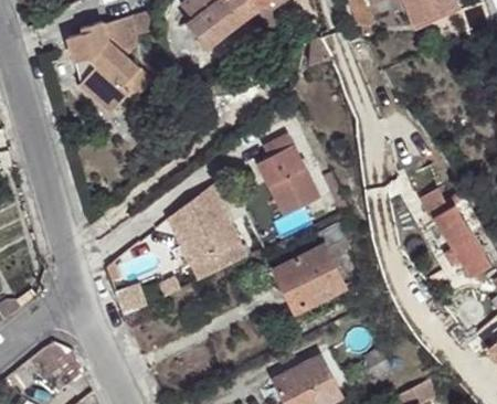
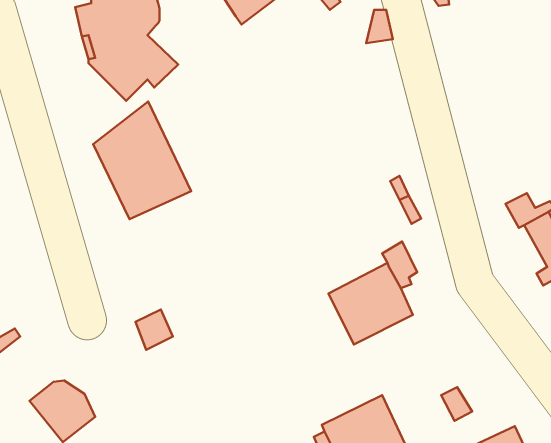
building: [255,135,319,217] -> none
building: [168,184,248,281] -> [93,101,191,219]

